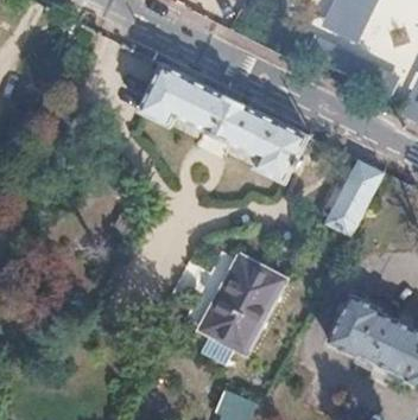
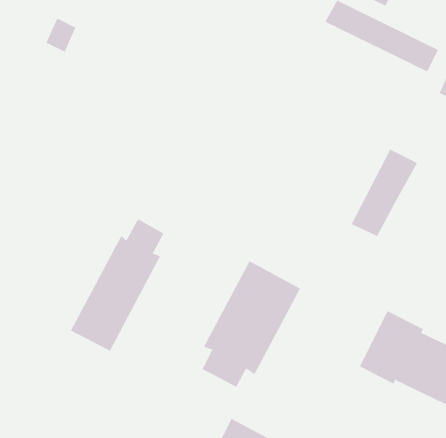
building: [140,63,309,183] -> none
building: none -> [70,219,164,352]

